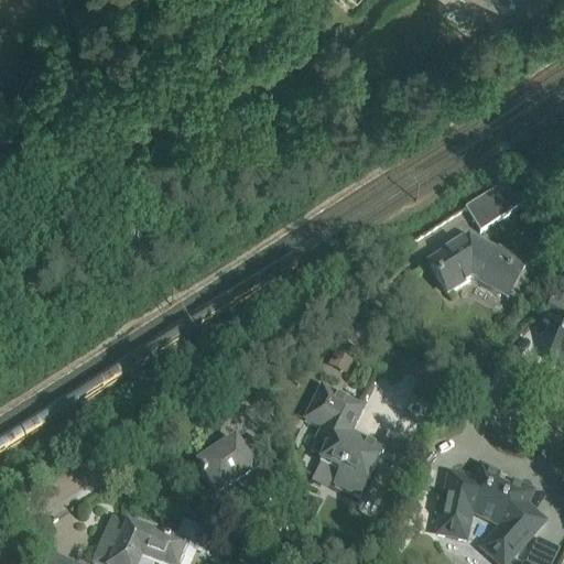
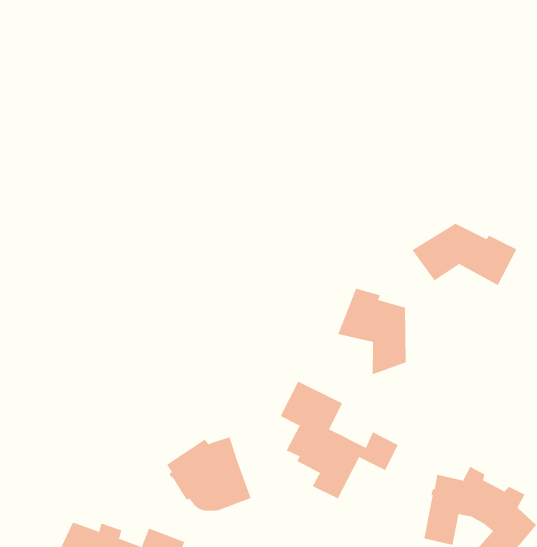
building: [465,183,528,229] -> none
building: none -> [337,288,406,375]

